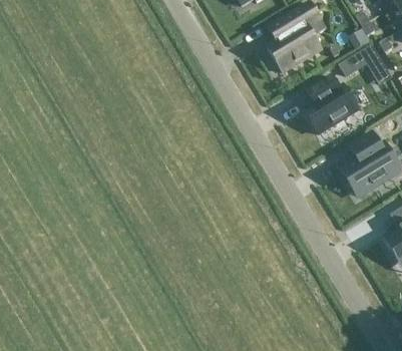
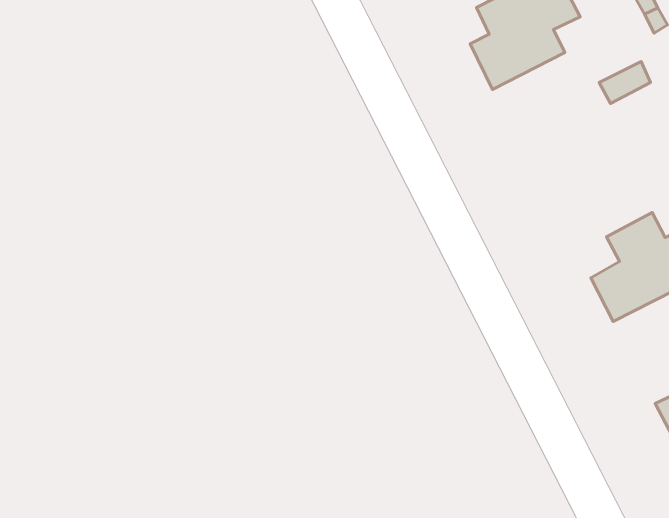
building: [304,74,357,131] -> none

